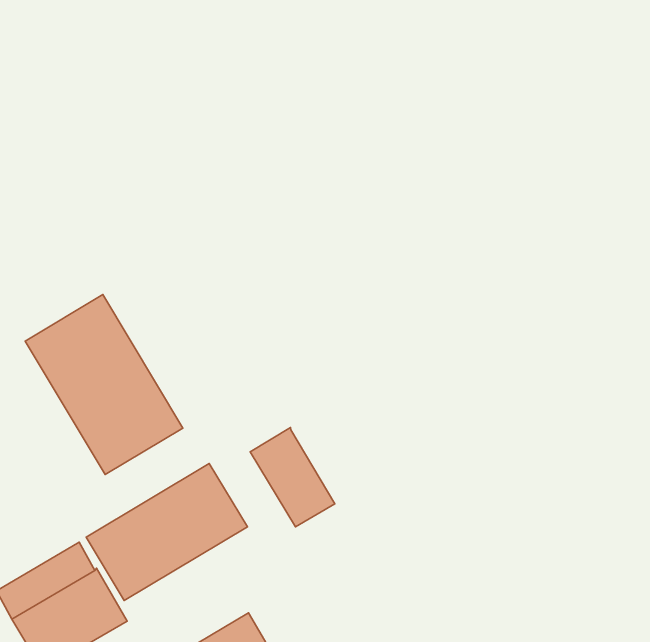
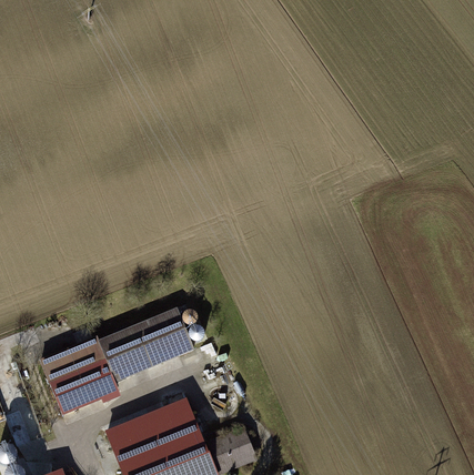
building: [25,295,183,475] -> none
building: [250,428,335,527] -> none

